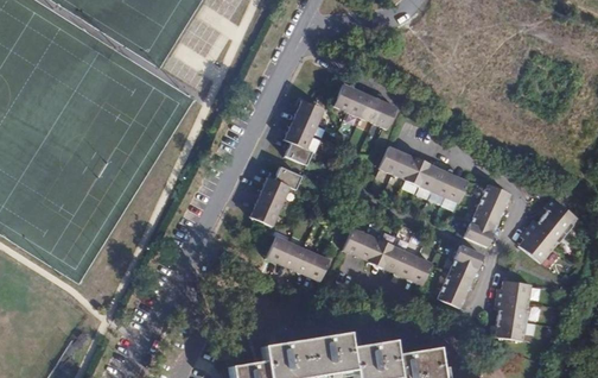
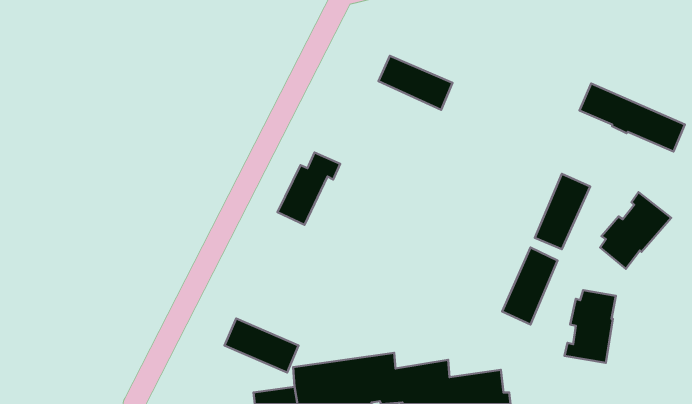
building: [285,99,325,164] -> none
building: [380,146,467,203] -> [580,83,685,152]
building: [344,228,432,285] -> none
building: [267,238,329,283] -> [225,318,299,372]

